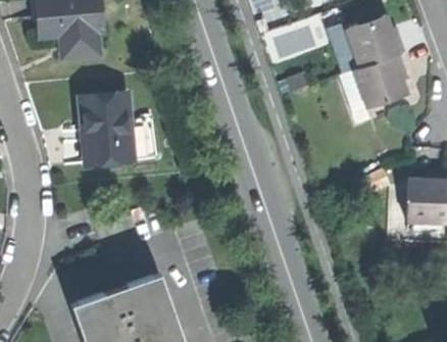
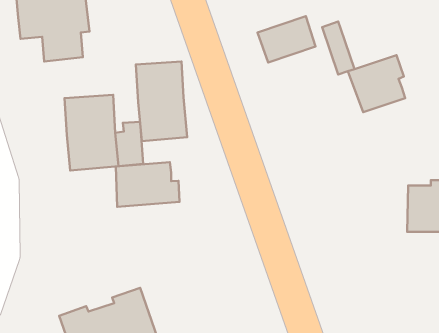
building: [344,17,404,69] -> none
building: none -> [136,62,187,141]
building: none -> [116,162,180,207]

